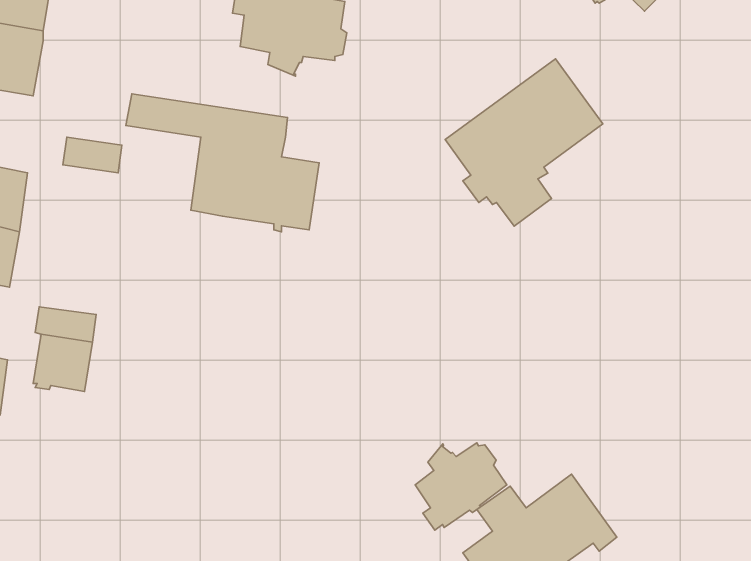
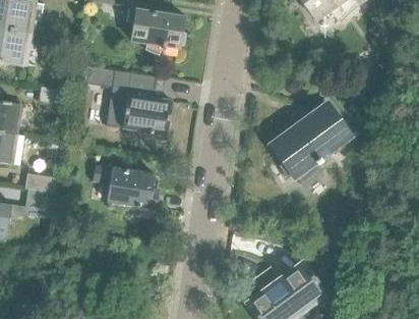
building: [445,59,603,226] -> [268,101,350,188]
building: none -> [92,163,157,208]
building: [415,443,507,530] -> none

